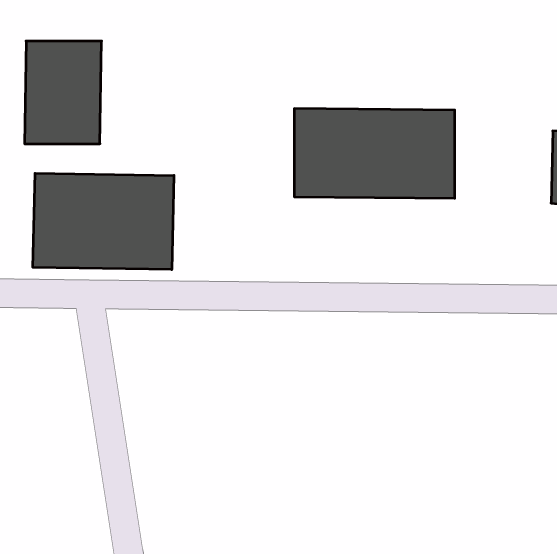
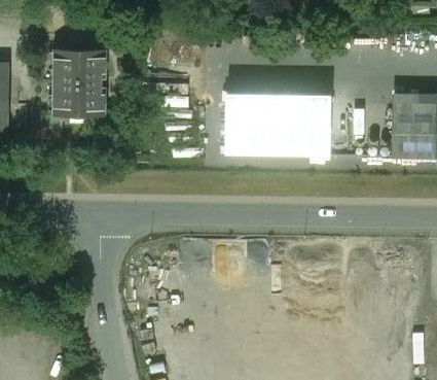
building: [33,173,174,270] -> none

